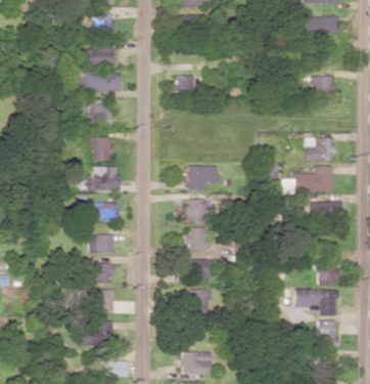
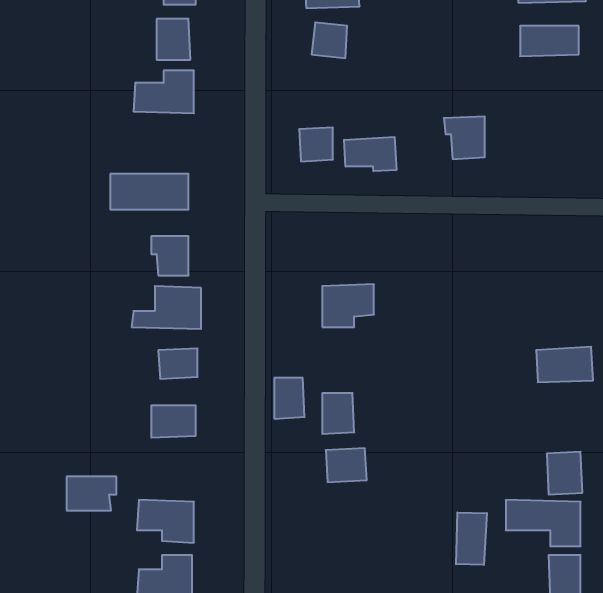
building: [81,72,121,91] -> none
building: [311,75,334,99] -> [444,116,485,159]
building: none -> [344,137,396,171]
building: [305,137,334,161] -> none
building: [294,166,334,191] -> none
building: [188,199,205,222] -> [274,378,305,419]
building: [87,263,115,283] -> [67,477,116,511]
building: [186,289,209,312] -> none
building: none -> [456,512,487,565]

